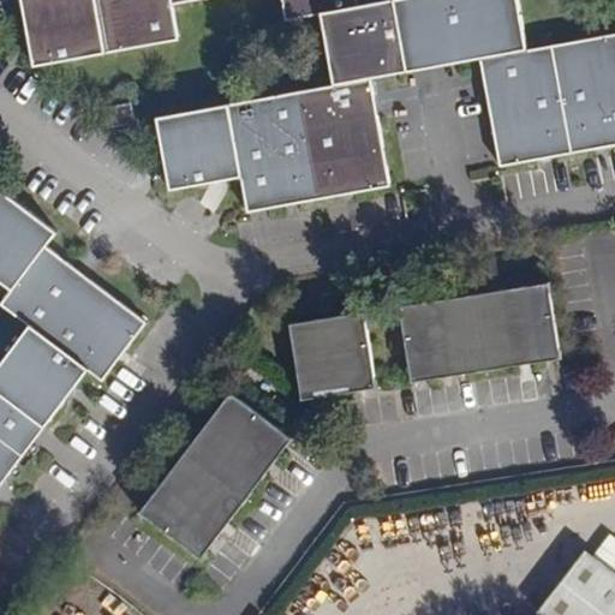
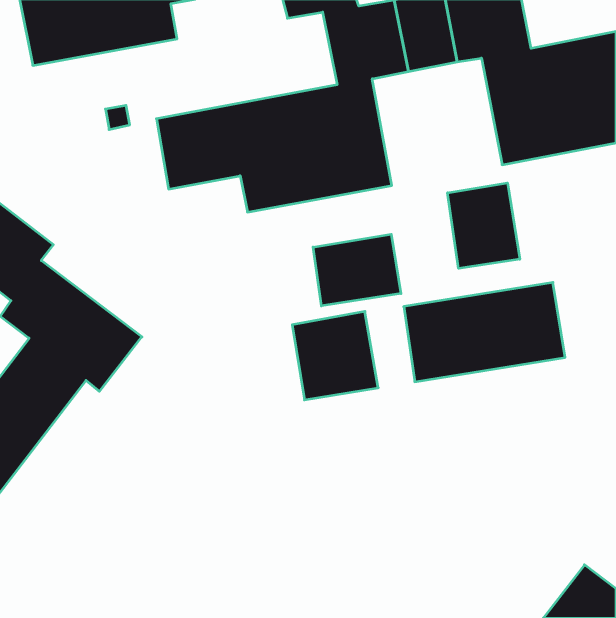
building: none -> [448,183,520,268]
building: none -> [313,234,401,306]
building: [137,394,287,557] -> none

